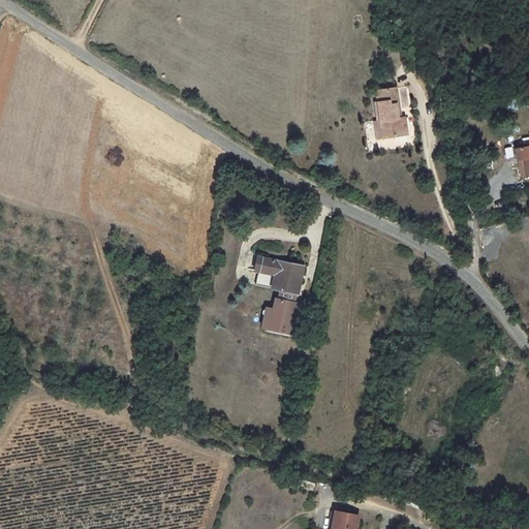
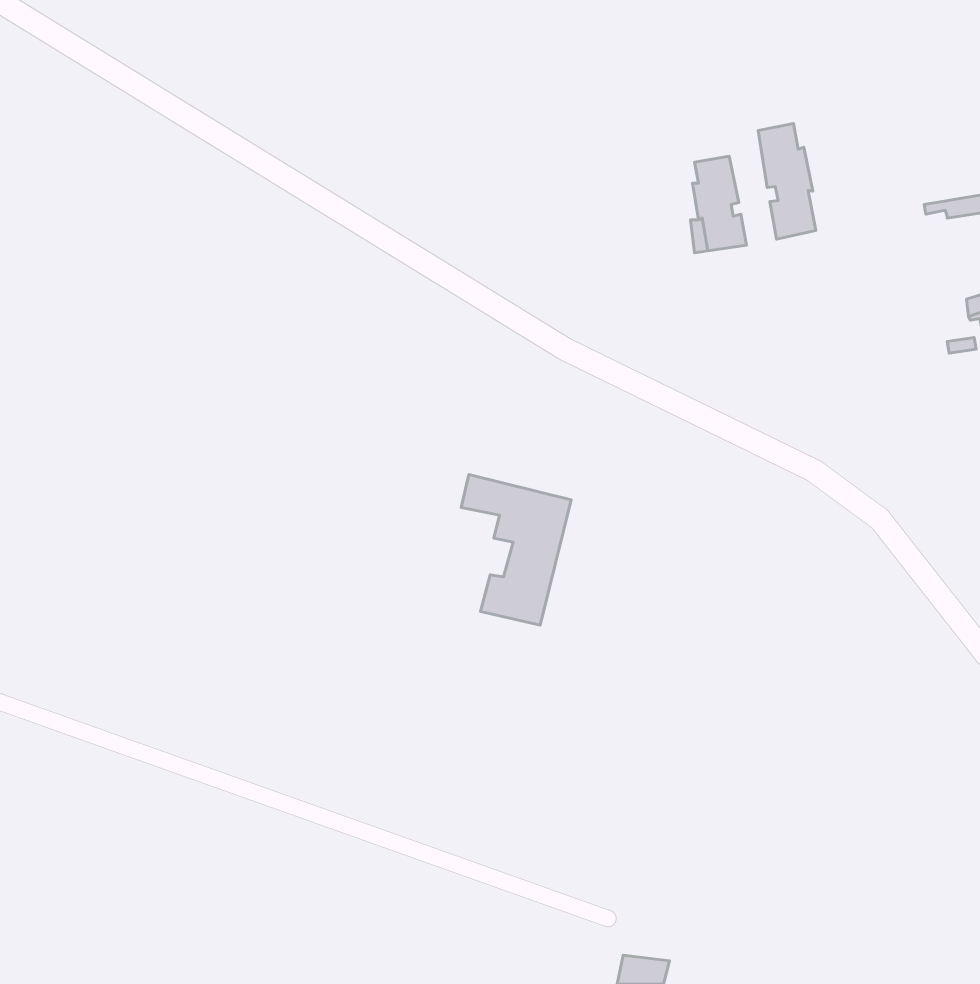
building: none -> [758,123,816,239]

